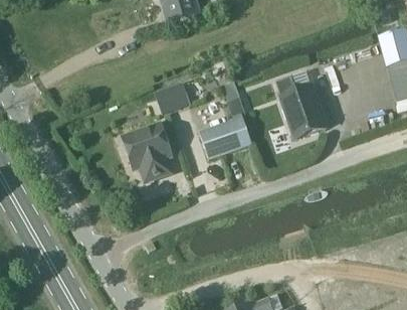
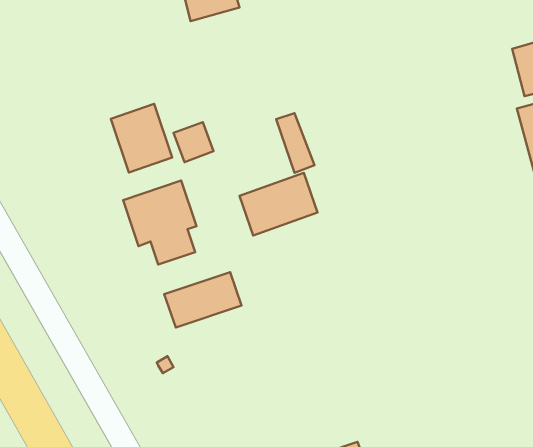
building: none -> [111,104,172,172]
building: [274,76,325,139] -> none
building: none -> [164,272,242,328]

